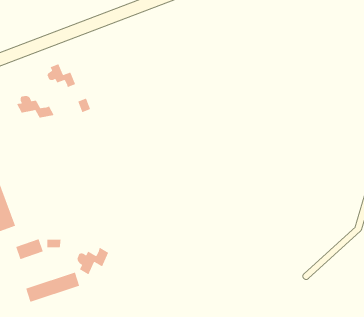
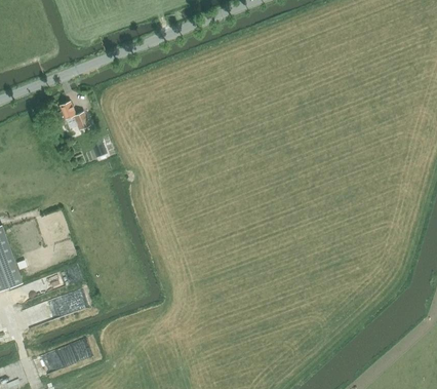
building: [16,95,55,119] -> none
building: [76,246,109,276] -> none

